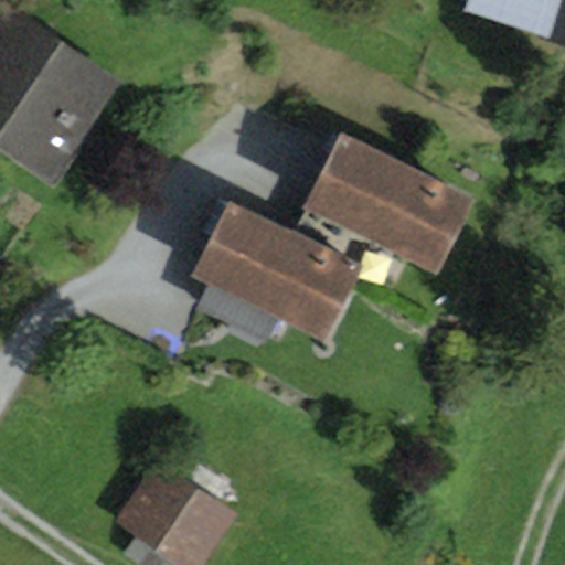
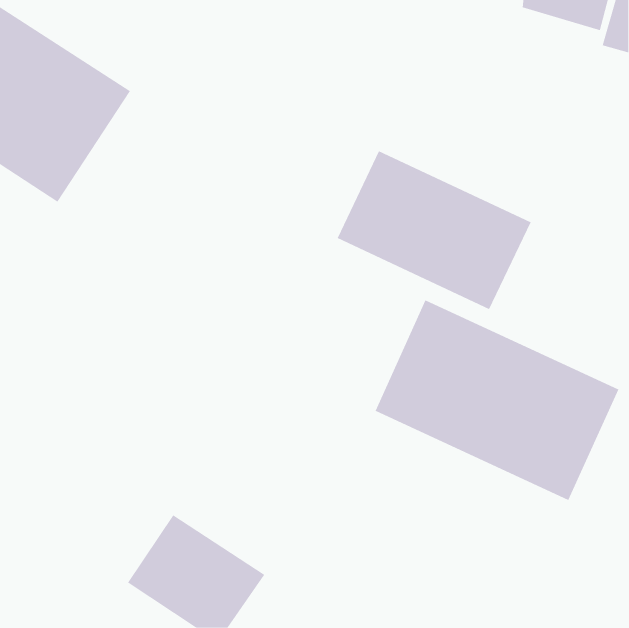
building: [192,202,362,341] -> none
building: none -> [375,300,619,501]

